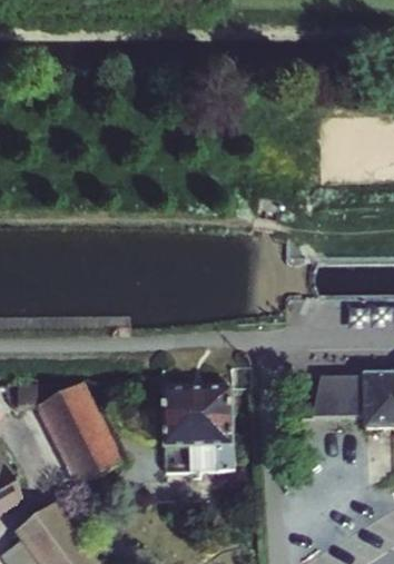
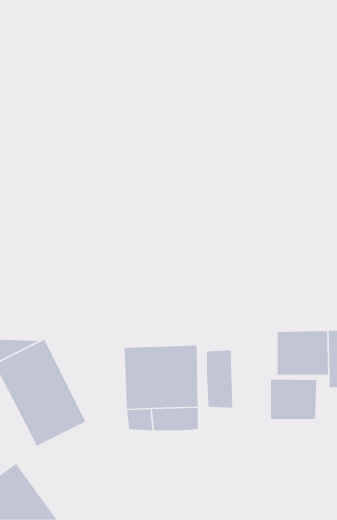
building: none -> [206,349,233,408]
building: none -> [270,379,317,420]

